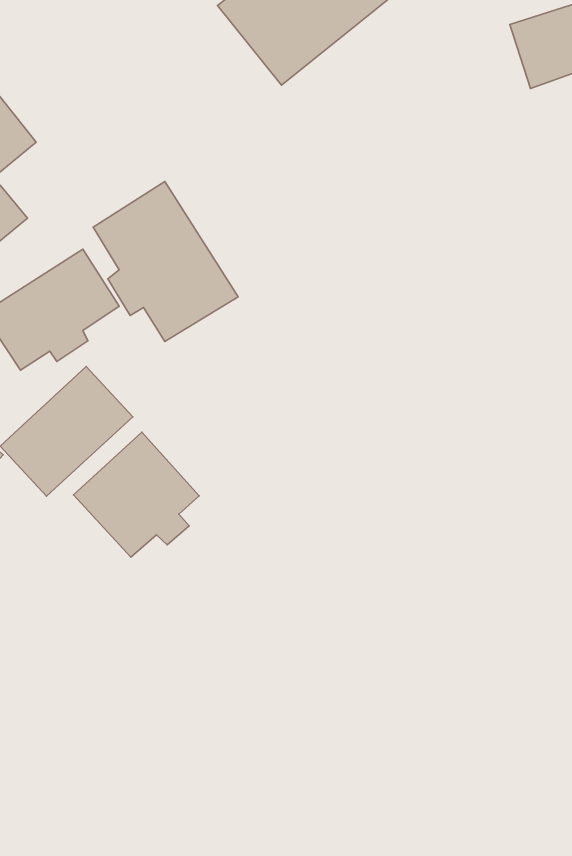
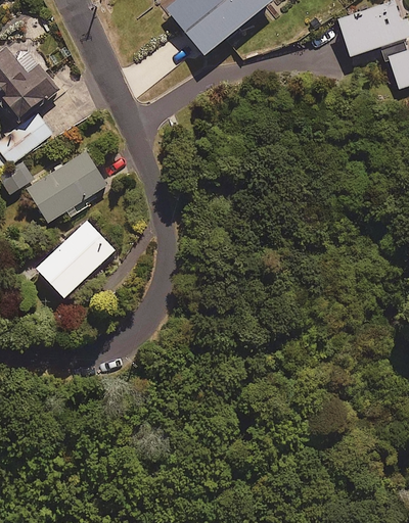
building: [93,181,238,342] -> none
building: [73,432,199,557] -> none

